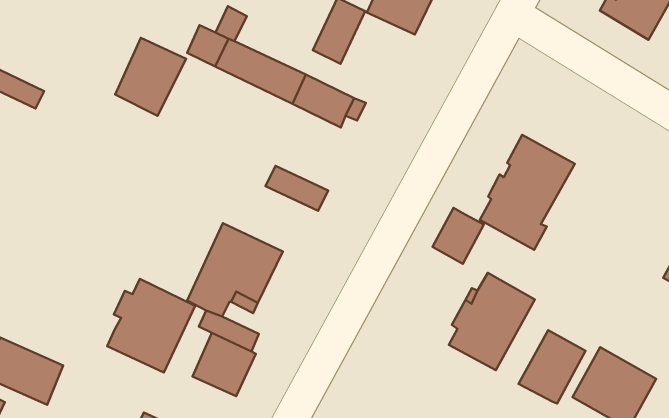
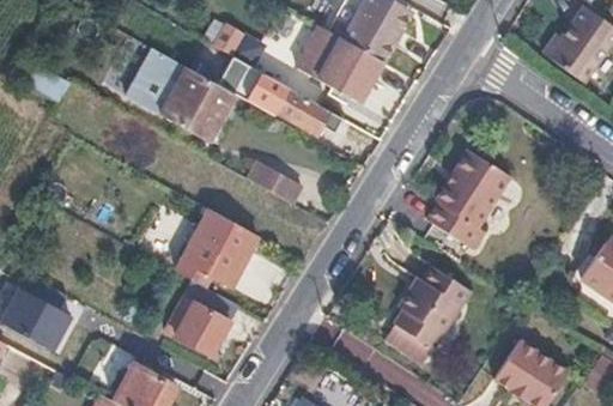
building: none -> [318,37,383,103]
building: none -> [160,67,235,140]
building: [432,208,484,264] -> none
building: [107,279,195,372] -> none
building: [518,330,586,404] -> none

